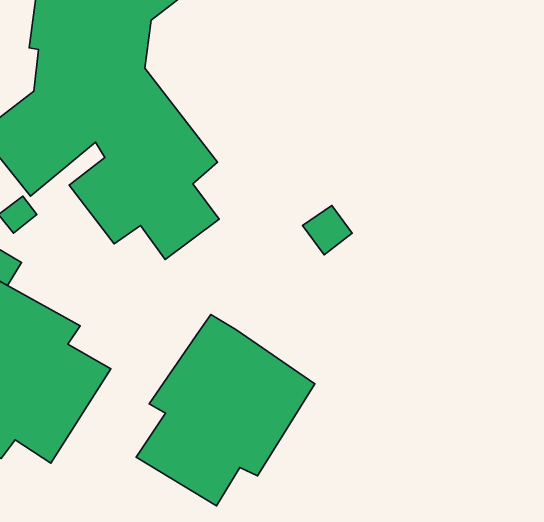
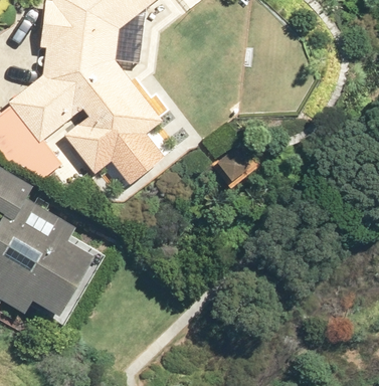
building: [136,314,315,506] -> none

